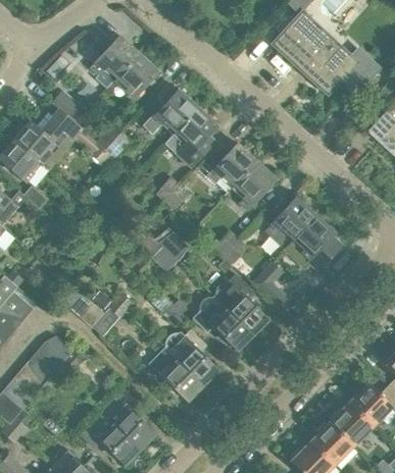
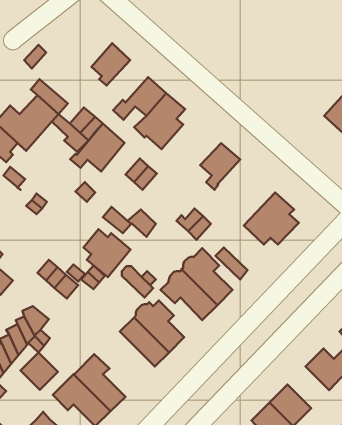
building: [273,12,377,93] -> none
building: [89,36,140,90] -> none
building: none -> [70,123,124,171]
building: [207,143,257,185] -> none
building: [263,197,315,250] -> none
building: none -> [84,229,130,277]
building: none -> [21,352,58,390]
building: [329,402,374,446] -> none

